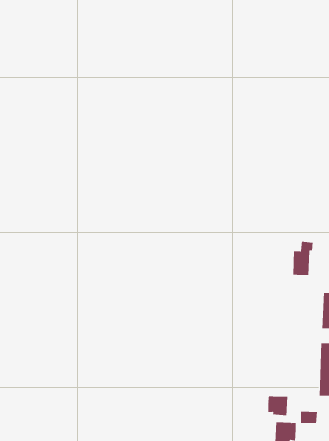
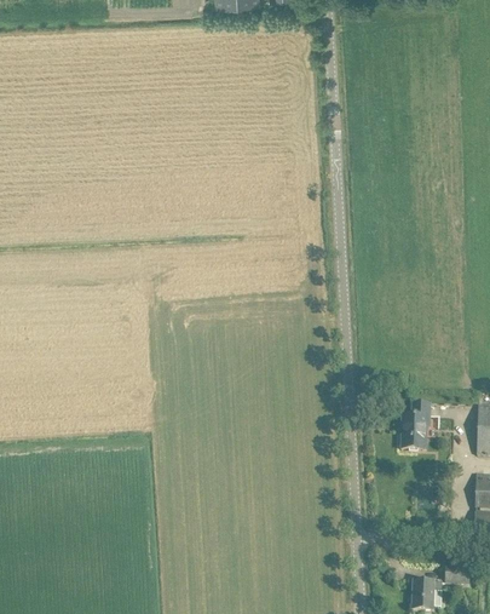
building: [292,241,314,276] -> [402,400,431,447]
building: [268,395,288,416] -> none

